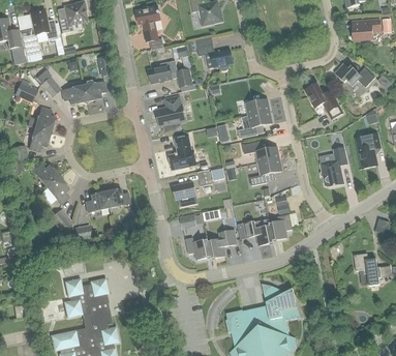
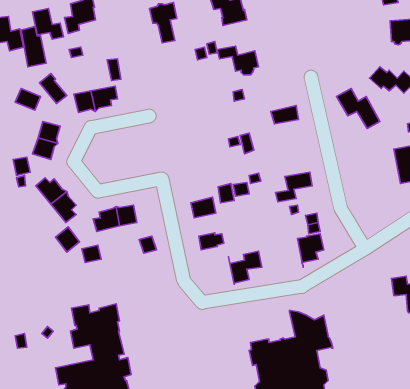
building: [148,64,191,86] -> none
building: [155,95,186,126] -> none
building: [238,110,273,137] -> none
building: [169,135,196,169] -> none
building: [243,141,280,161] -> none
building: [321,146,347,185] -> none
building: [244,217,274,244] -> none
building: [185,234,212,259] -> none

